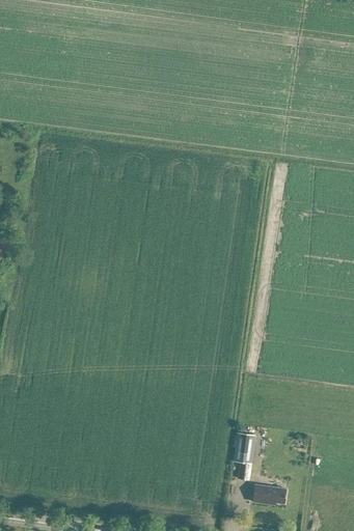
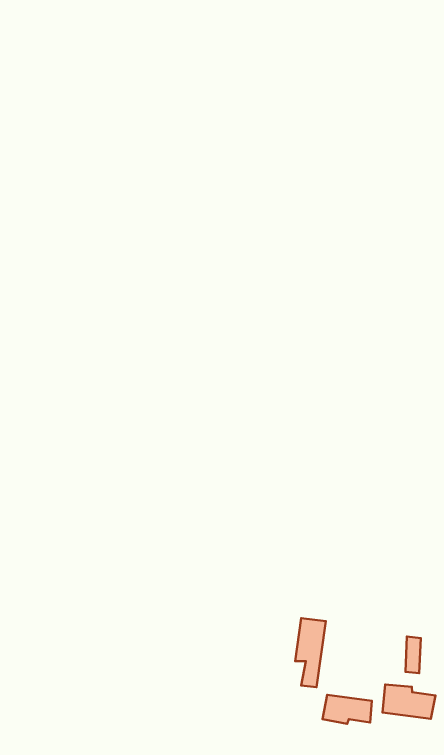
building: none -> [382,685,436,719]

